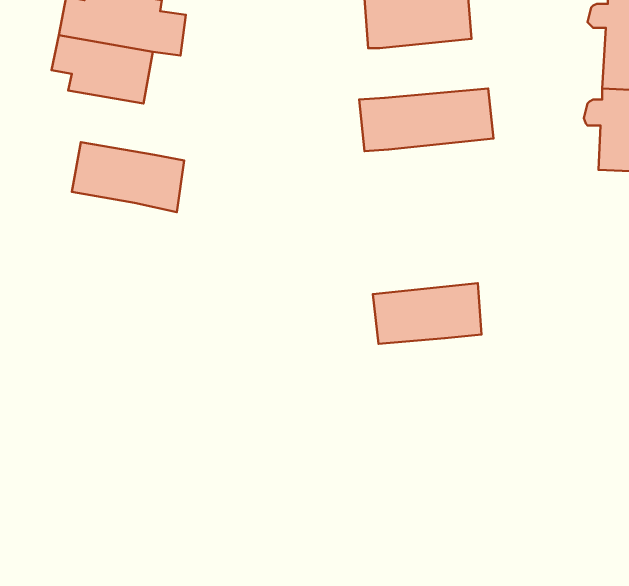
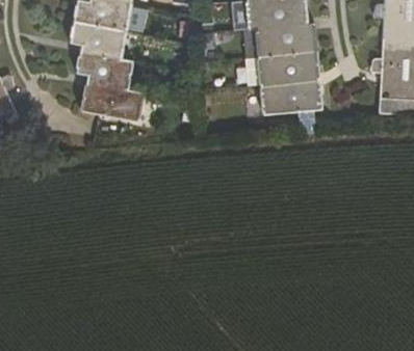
building: none -> [254,24,315,57]
building: none -> [75,53,132,89]
building: [373,283,482,344] -> [259,80,320,114]

